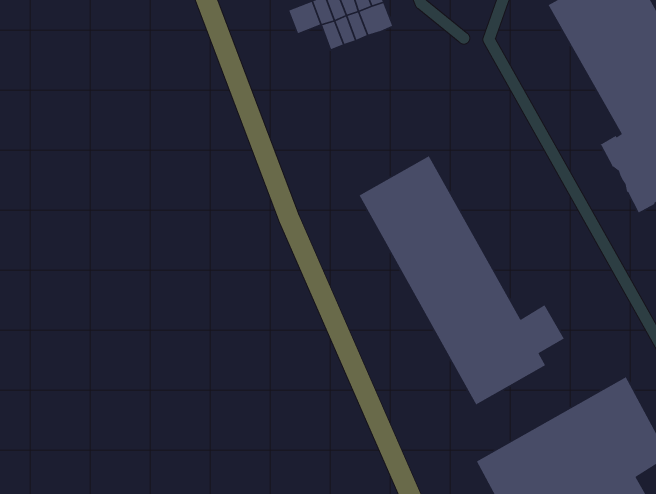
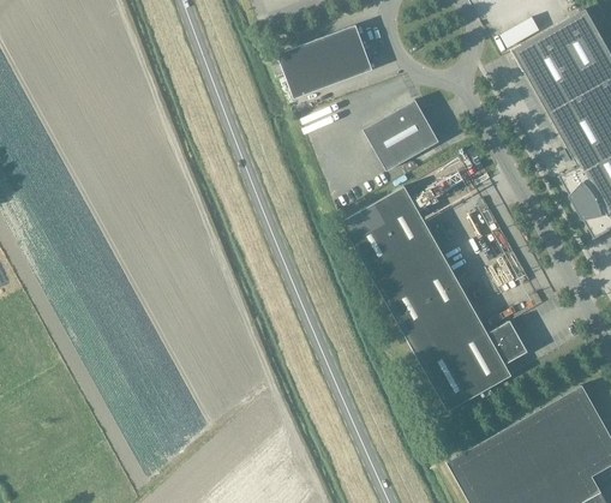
building: none -> [287,68,317,100]
building: none -> [364,100,439,172]

